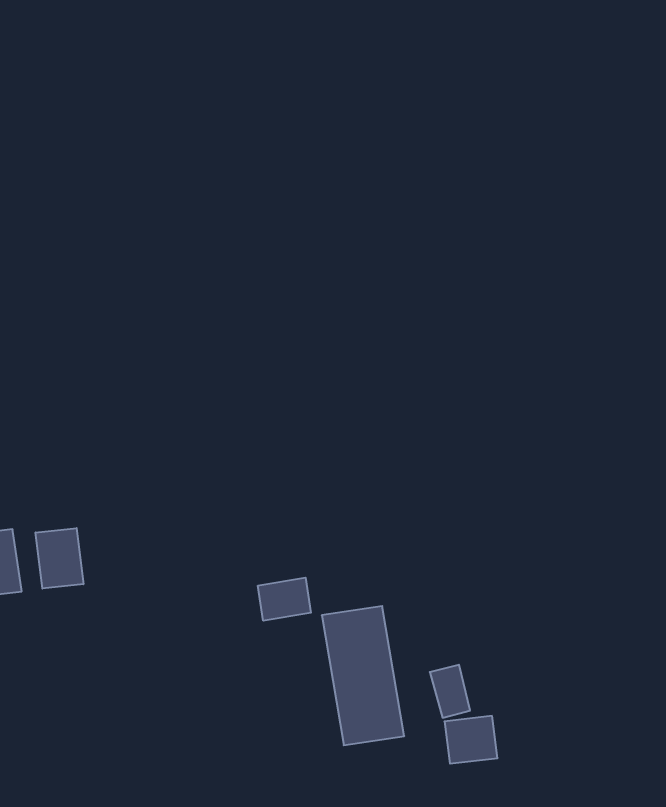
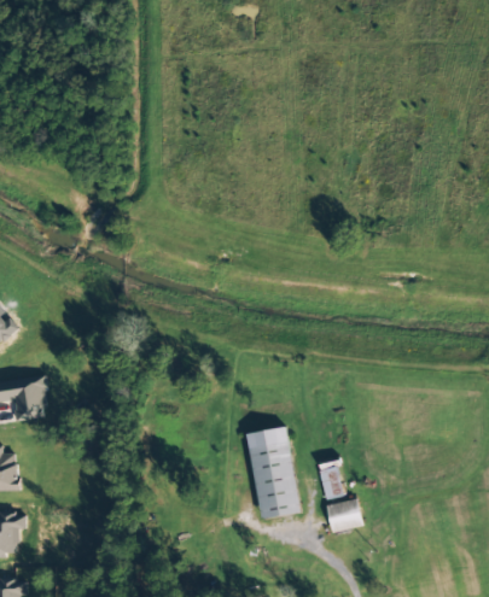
building: [36,528,83,589] -> none
building: [258,578,311,621] -> none

